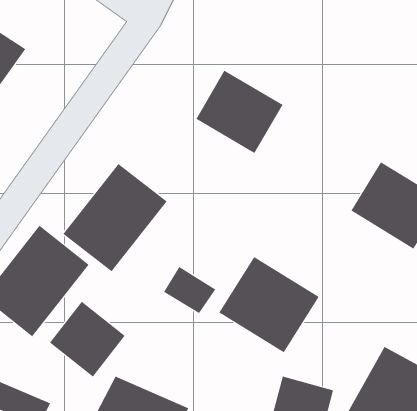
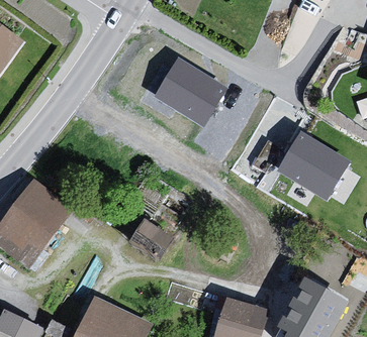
building: [63,163,167,272] -> none
building: [219,256,320,353] -> none
building: [49,301,126,377] -> none

